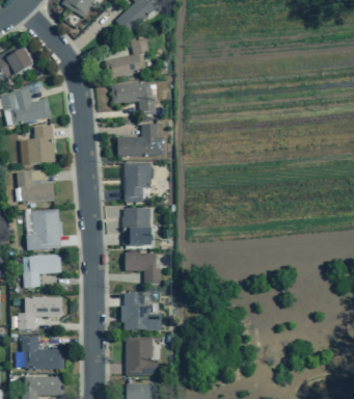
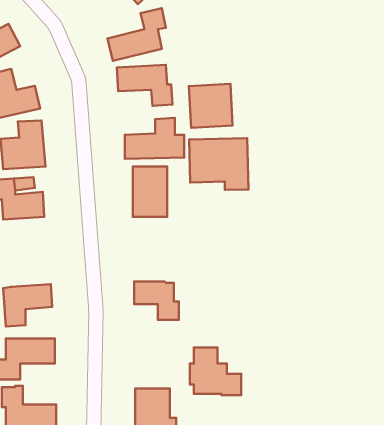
building: none -> [189,84,233,128]
building: none -> [189,138,248,190]
building: [122,208,151,245] -> none
building: [26,209,61,250] -> none
building: [120,293,161,330] -> [190,347,241,395]

